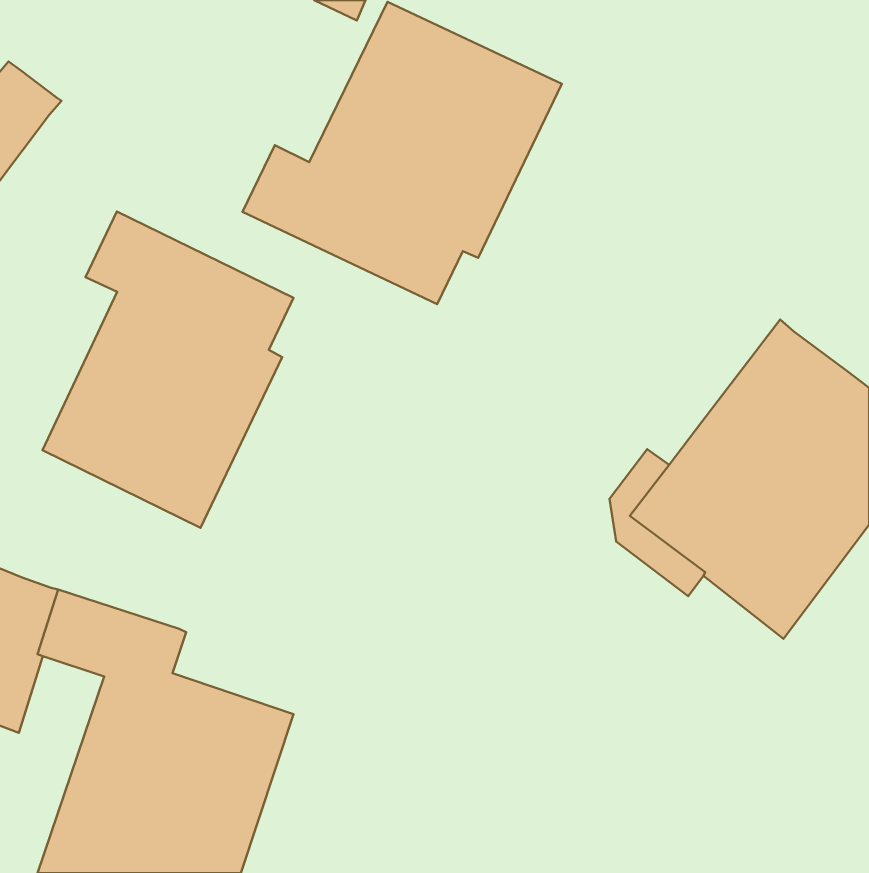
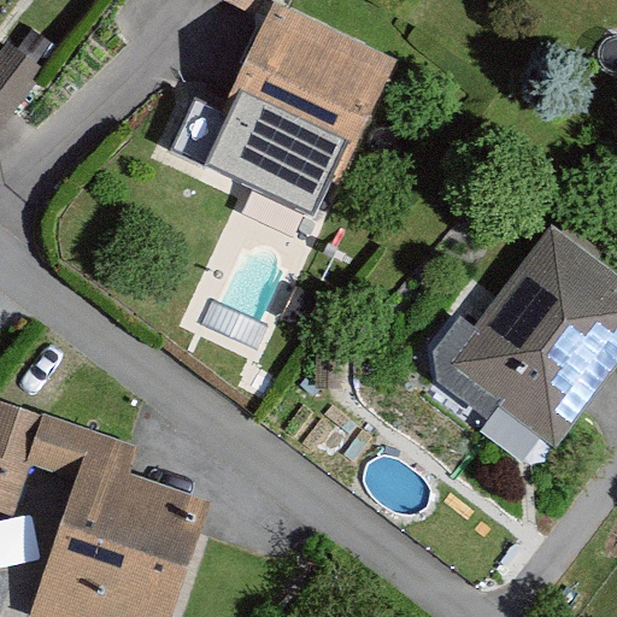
building: [43,212,293,528] -> none

